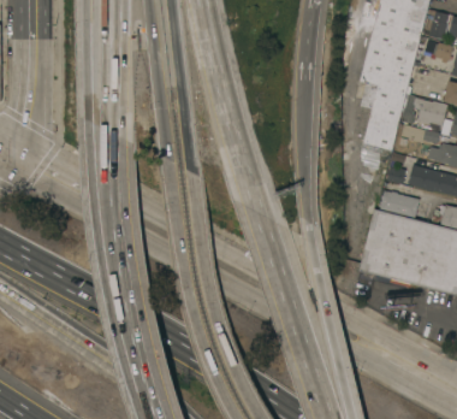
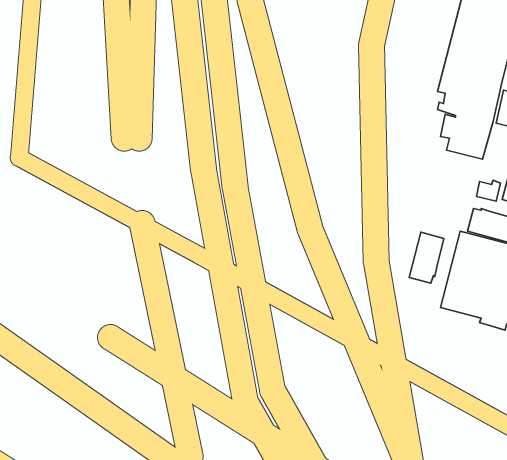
building: none -> [409,232,444,283]

